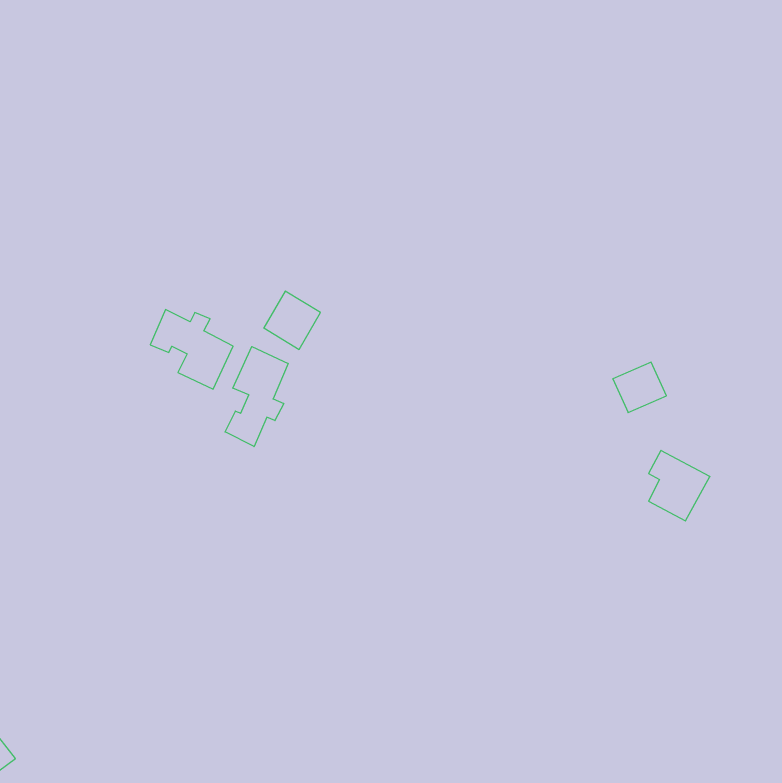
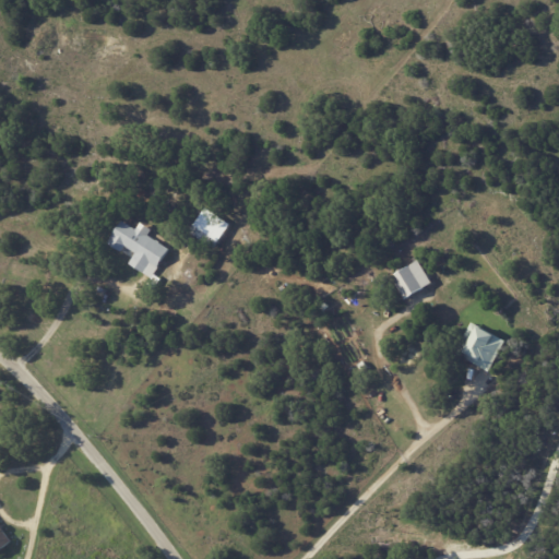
building: [225,347,288,447] -> none
building: [613,362,666,413] -> [392,261,430,297]

